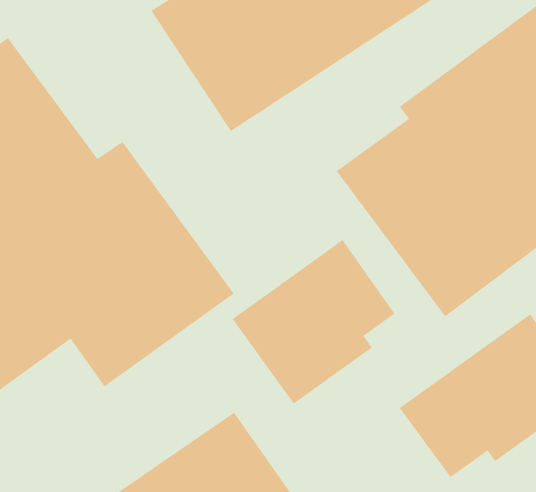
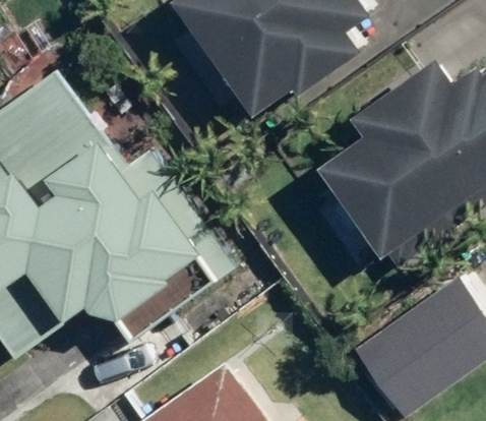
building: [232,239,395,404] -> none

